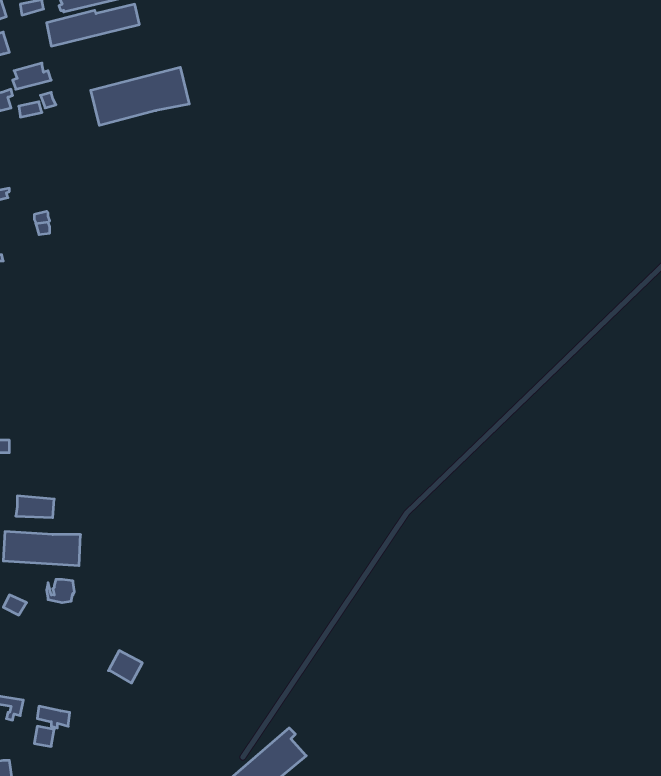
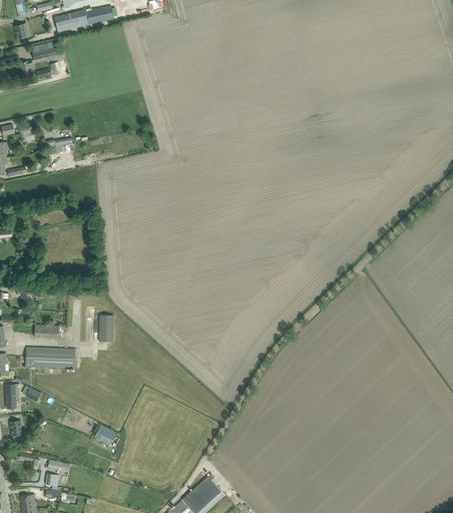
building: [91,67,189,125] -> none
building: none -> [98,315,113,342]

